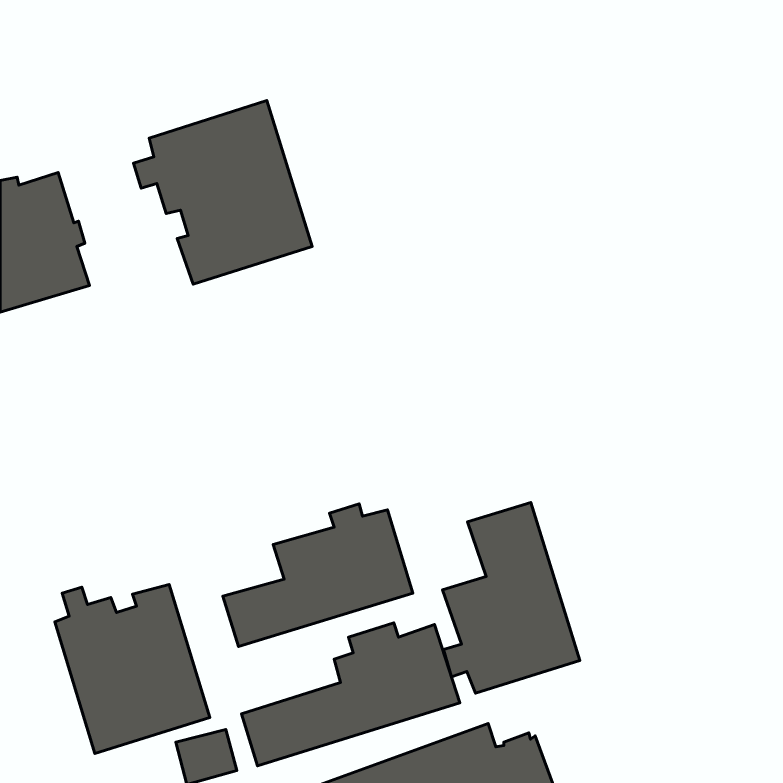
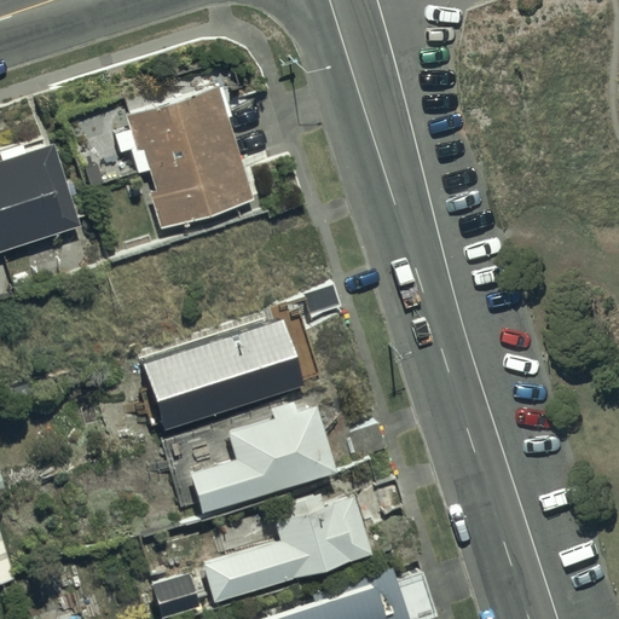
building: none -> [138,307,305,424]
building: [443,503,580,693] -> none
building: [55,584,210,753] -> none

